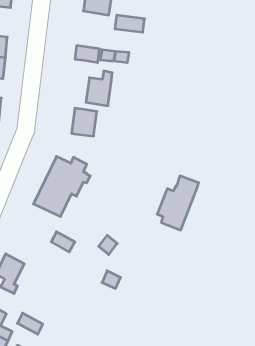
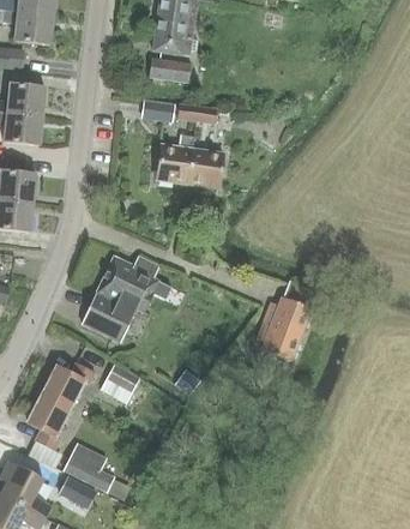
building: [115,15,145,32] -> [149,58,191,82]
building: [72,108,97,136] -> [187,148,223,187]
building: none -> [42,362,95,408]
building: none -> [62,441,114,492]

